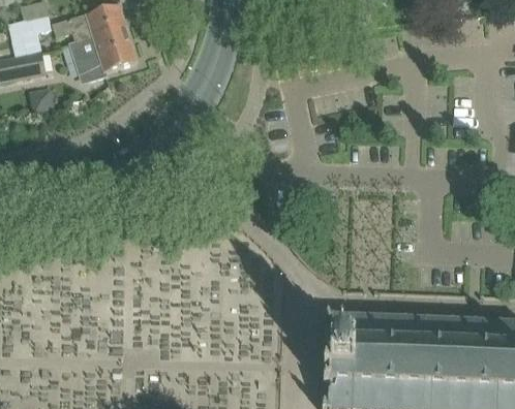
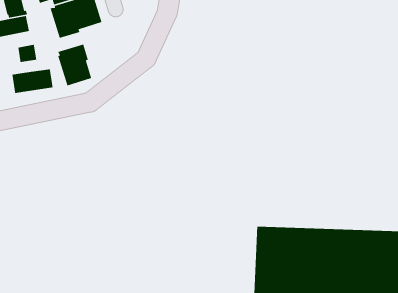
building: none -> [57,44,92,86]
building: none -> [12,68,53,94]

